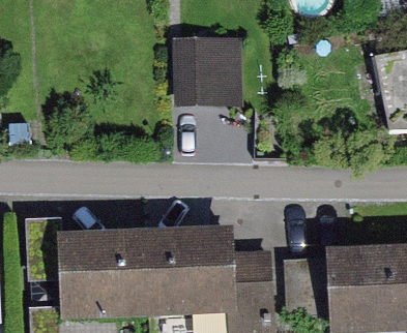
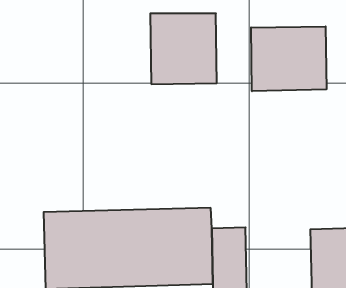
building: none -> [251,26,326,91]

